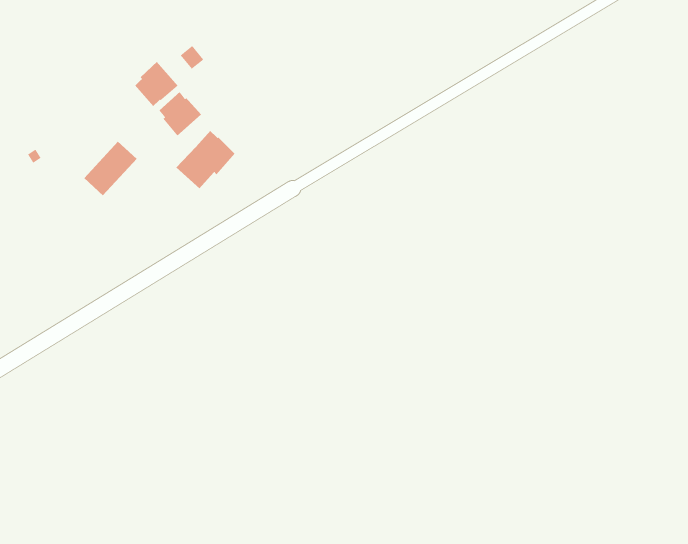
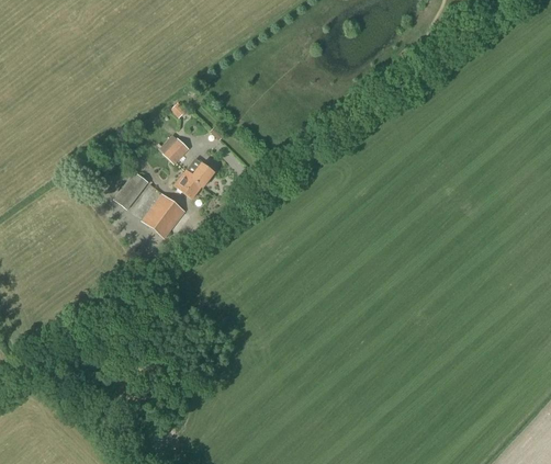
building: [134,61,179,107] -> none
building: none -> [142,193,187,239]

